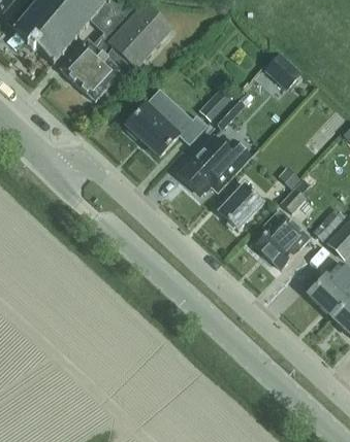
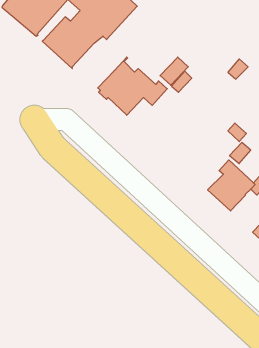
building: [264,53,299,88] -> none
building: [179,135,252,194] -> none
building: [219,182,264,228] -> none

